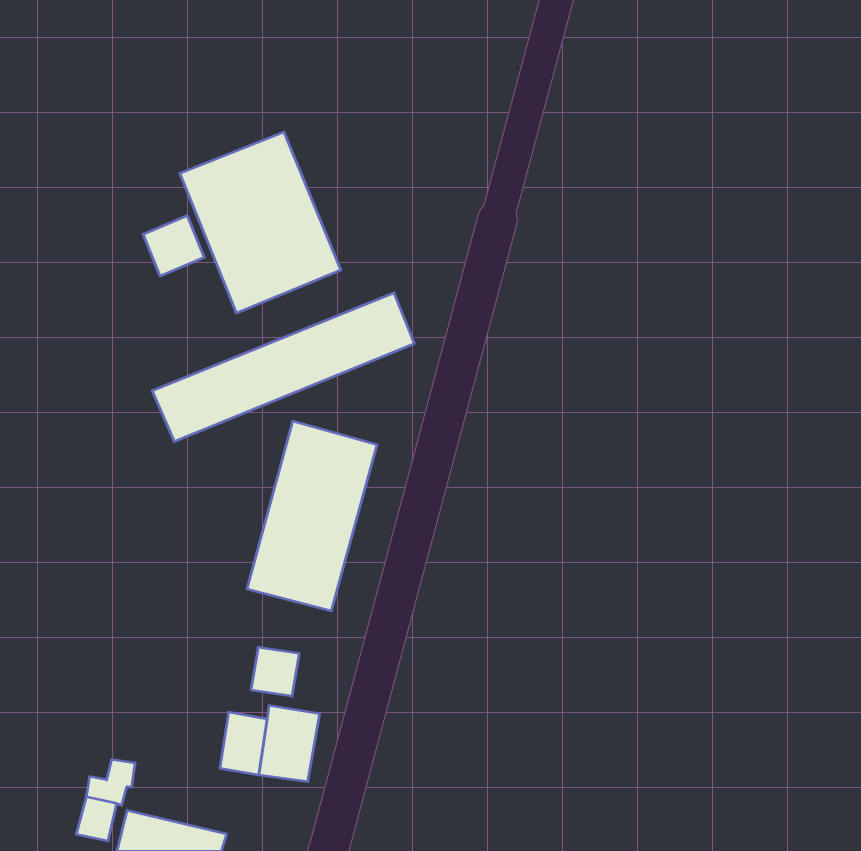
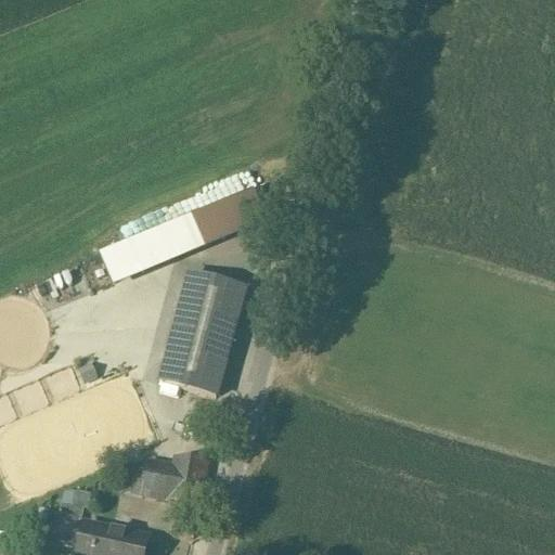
building: [180,132,341,313] -> none
building: [143,215,204,276] -> none
building: [251,647,299,696] -> none

